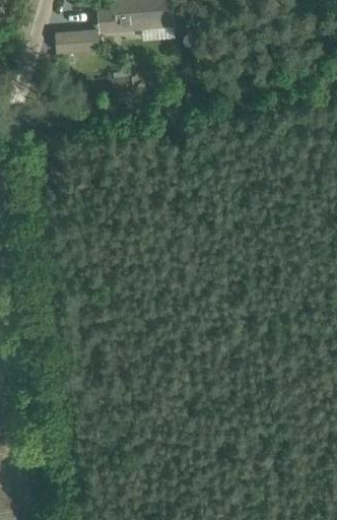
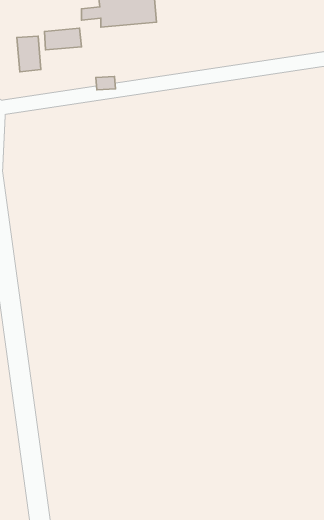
building: none -> [17,36,41,72]

